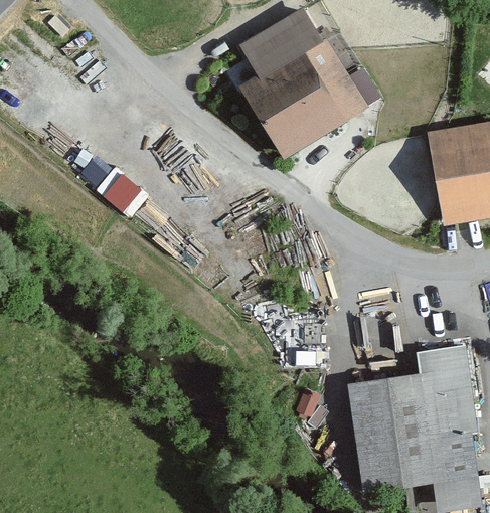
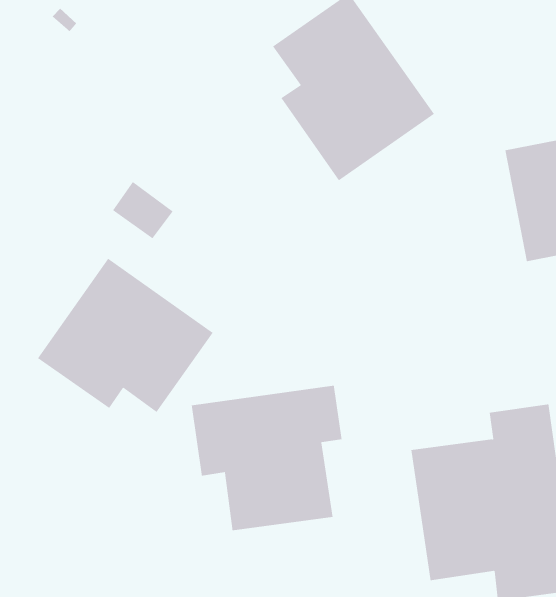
building: none -> [37,258,214,413]
building: none -> [191,385,342,531]

